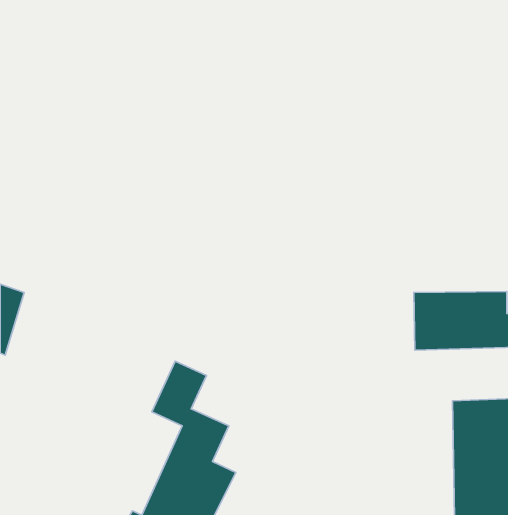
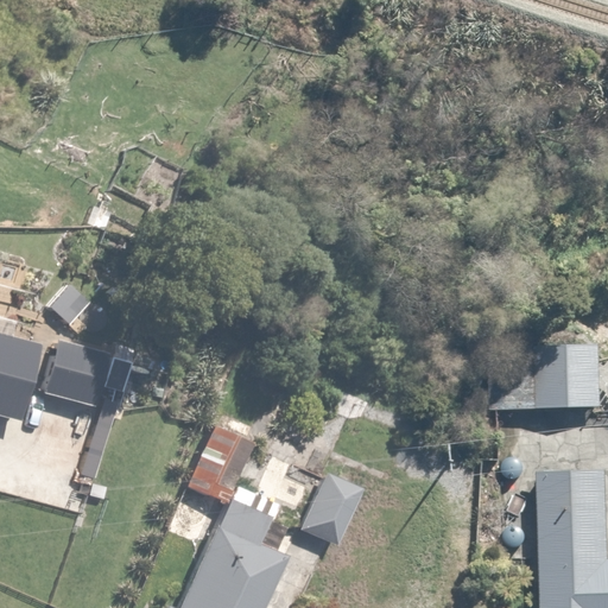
building: none -> [40,337,109,407]
building: none -> [300,470,367,545]

